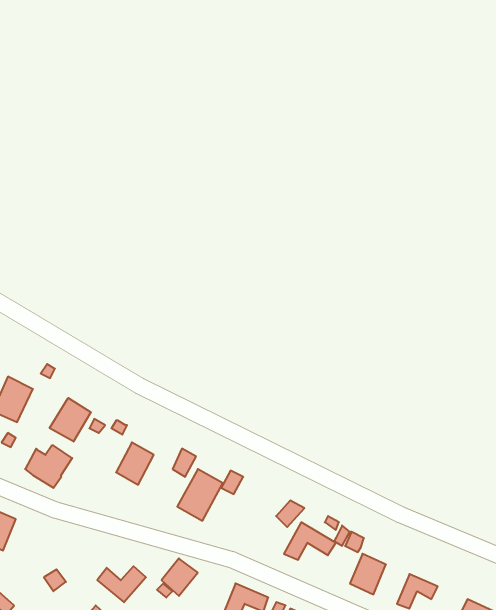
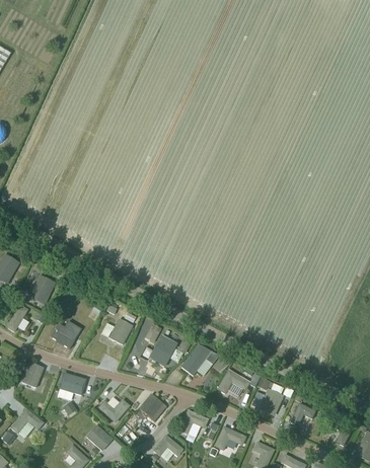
building: [50,398,91,442] -> none
building: none -> [180,342,212,376]
building: none -> [60,373,85,395]

